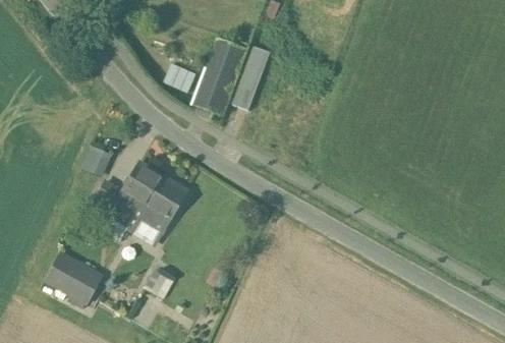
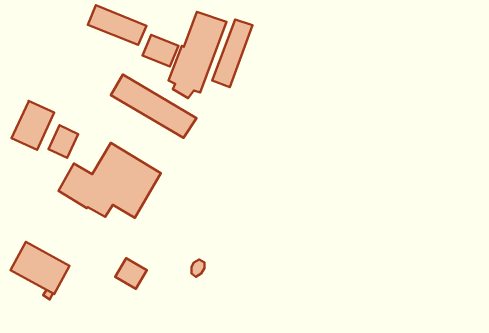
building: none -> [88,5,147,45]
building: none -> [111,75,196,138]
building: none -> [12,101,54,150]

